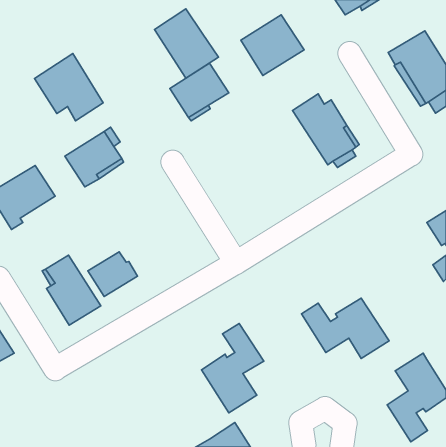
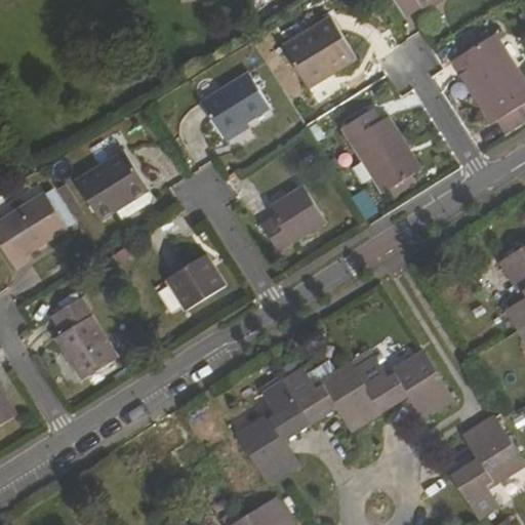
building: [154,9,219,78] -> none
building: [34,54,103,121] -> none
building: none -> [259,187,325,253]
building: [88,252,138,296] -> [167,256,226,309]
building: none -> [280,361,381,433]

